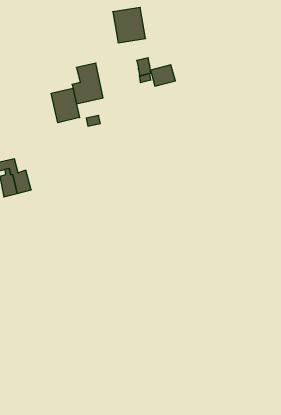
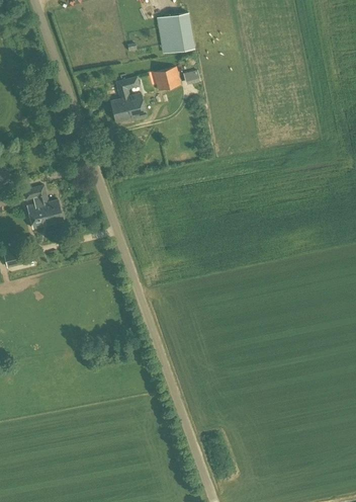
building: [151,65,175,86] -> [153,66,181,90]
building: [51,88,80,123] -> none

